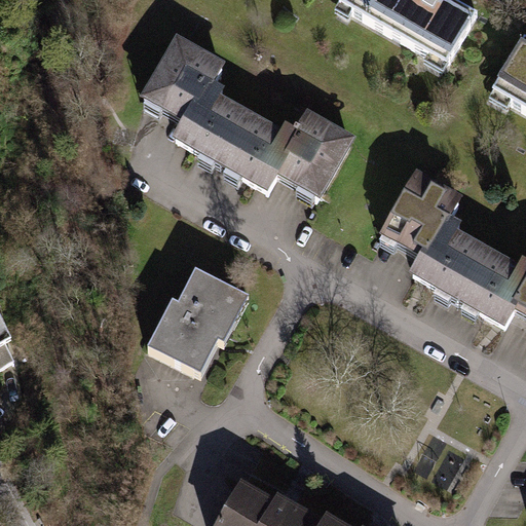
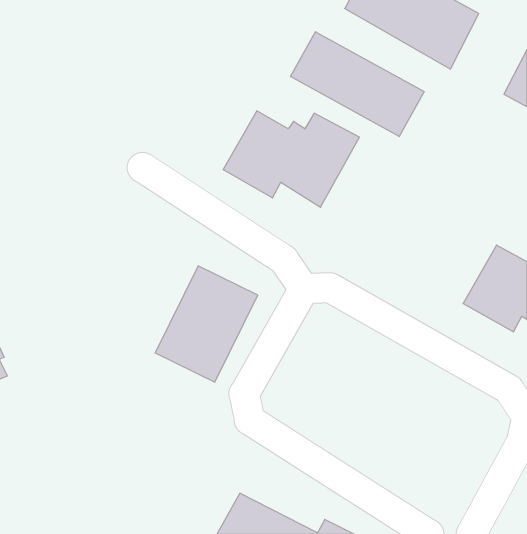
building: none -> [291,32,424,137]
building: [142,37,252,166] -> none
building: [377,168,487,298] -> none

